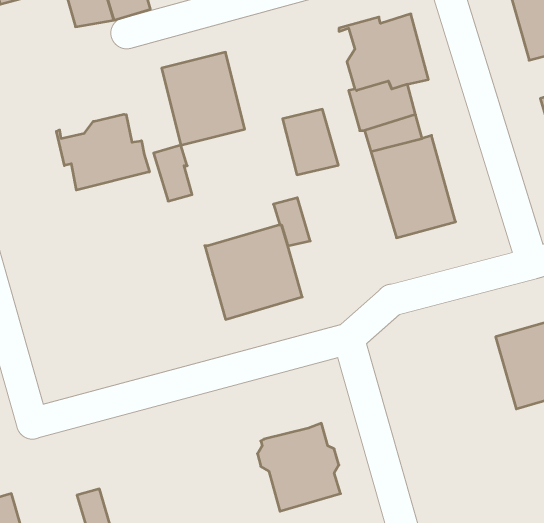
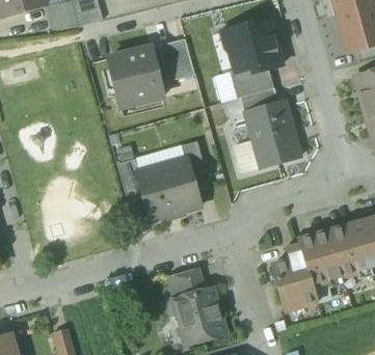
building: [283,109,338,175] -> [158,38,194,81]
building: [56,114,149,190] -> none
building: [154,145,192,201] -> [116,159,141,195]
building: none -> [273,231,339,311]
building: none -> [168,268,204,298]

